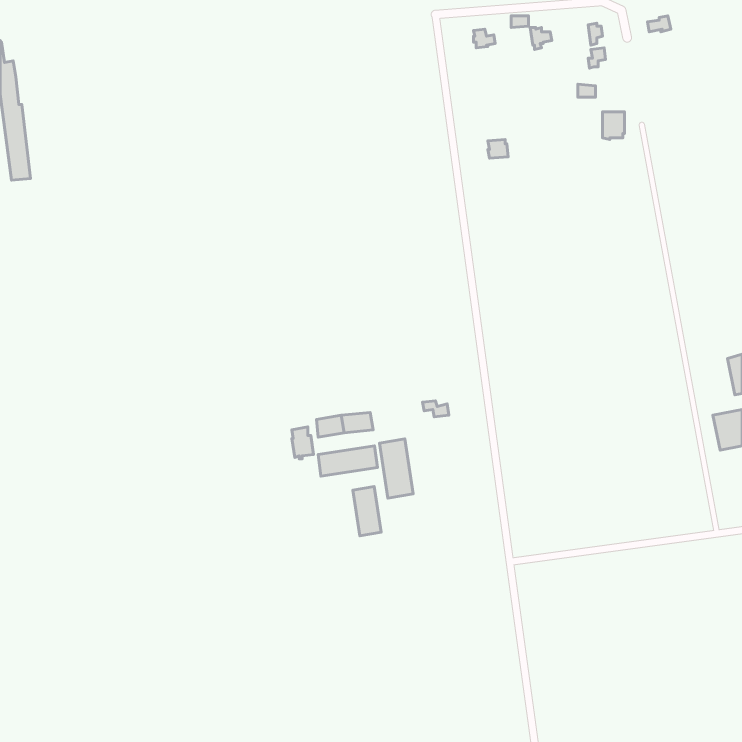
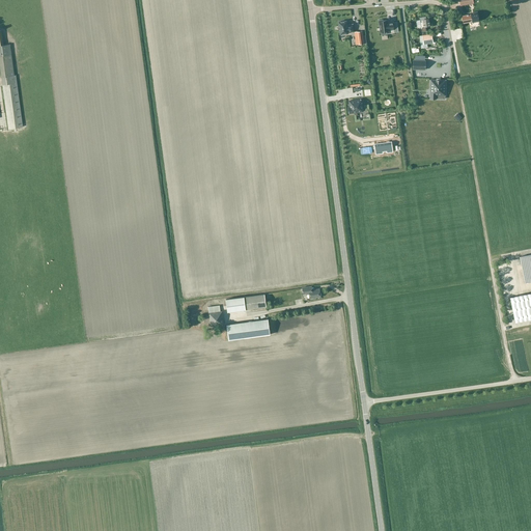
building: [379,439,413,498] -> none
building: [353,487,381,536] -> none

